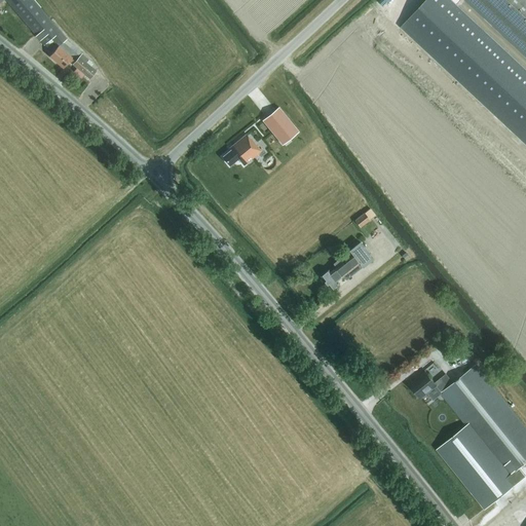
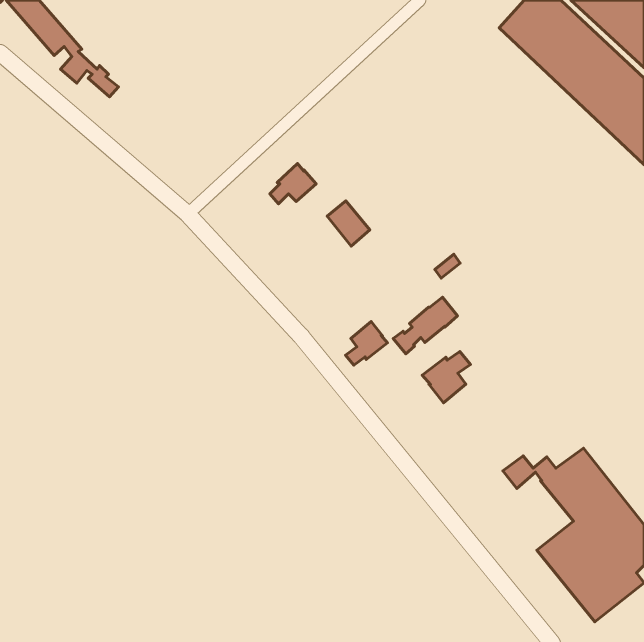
building: [263,109,298,146] -> [327,201,370,246]
building: none -> [346,322,388,365]
building: none -> [422,351,470,403]

